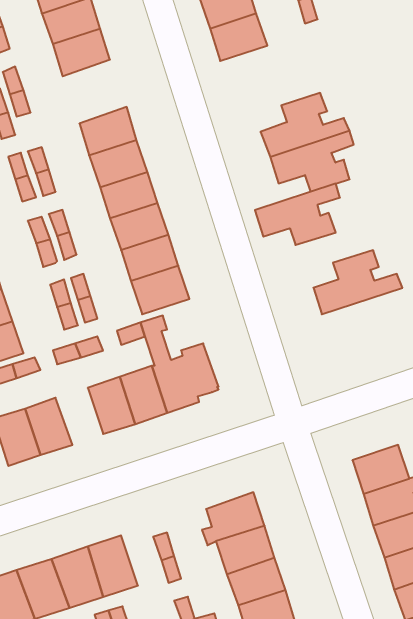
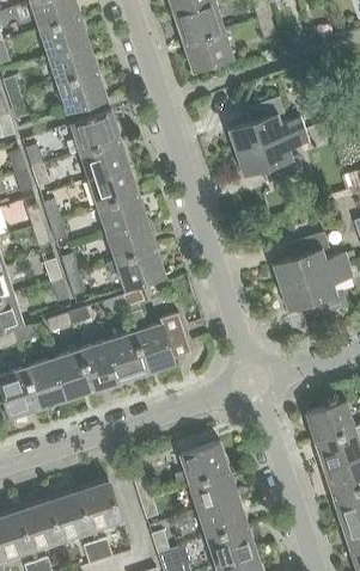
building: none -> [56,69,106,111]
building: [255,184,340,245] -> [279,265,352,318]
building: none -> [50,351,91,400]

